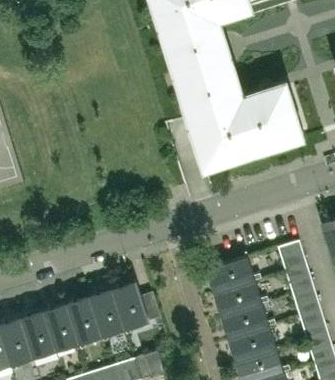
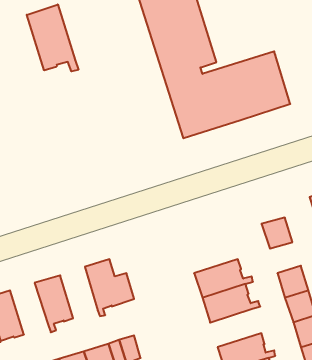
building: none -> [27,4,78,71]
building: [207,259,261,295] -> none
building: [285,266,314,295] -> none
building: [89,289,124,343] -> none
building: [42,304,78,352] -> none
building: [229,328,277,364] -> none

